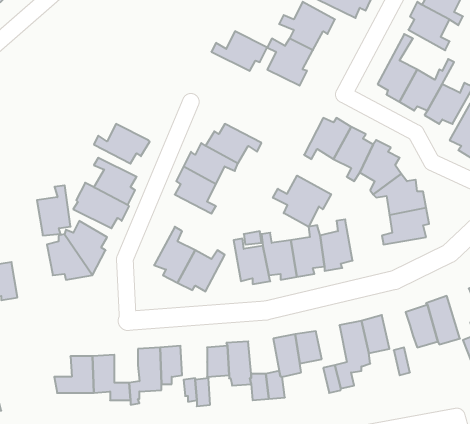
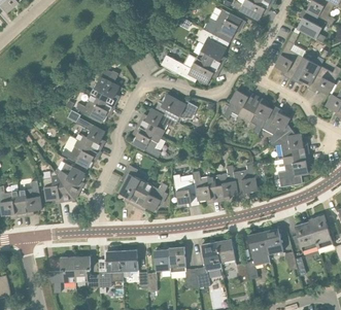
building: [211,31,267,71] -> [180,56,219,83]
building: none -> [90,69,120,105]
building: [273,176,331,227] -> none
building: [37,185,71,235] -> [18,180,41,215]

